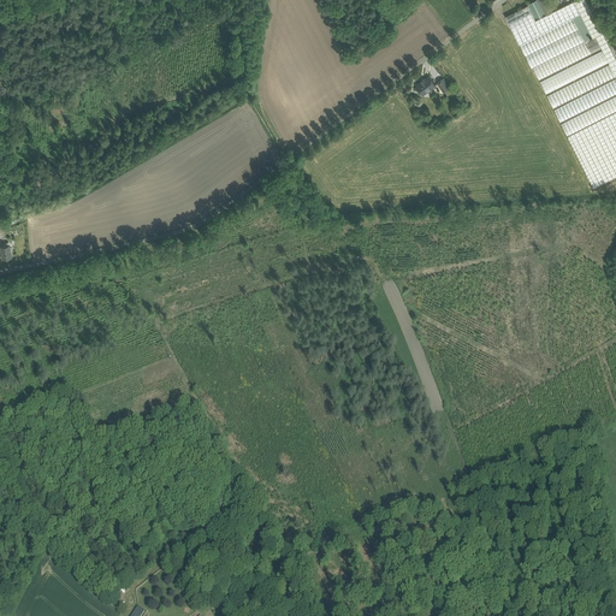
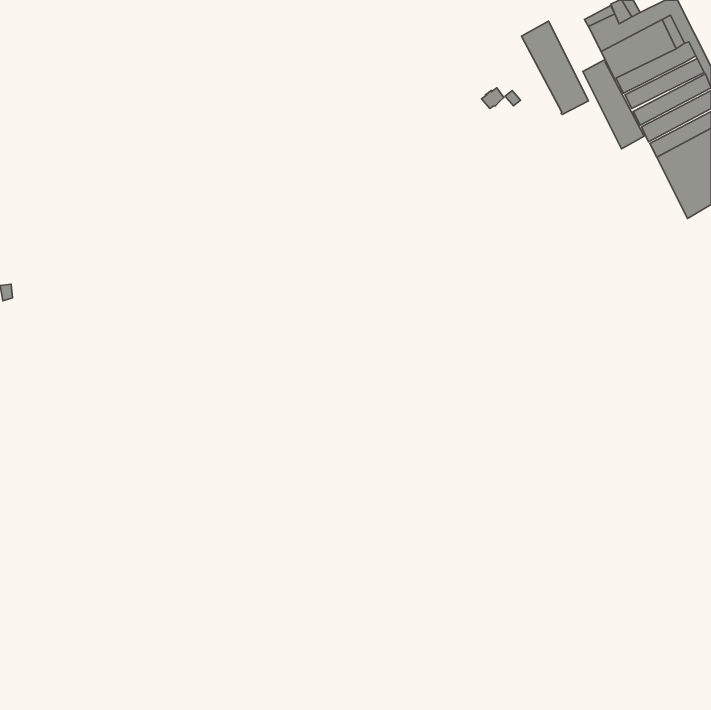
building: none -> [522,21,589,115]
building: none -> [583,60,644,149]

